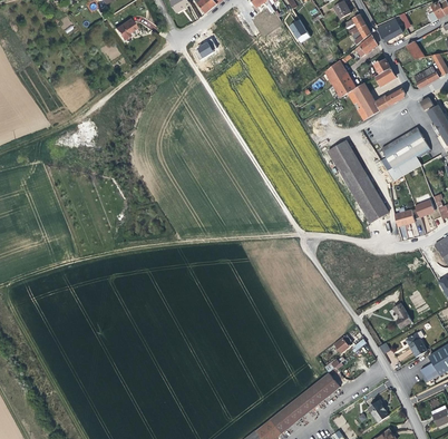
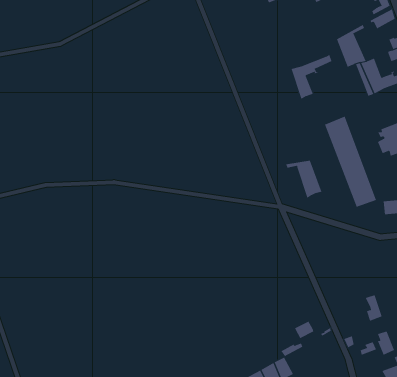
building: none -> [291,54,332,100]
building: none -> [286,160,322,199]

